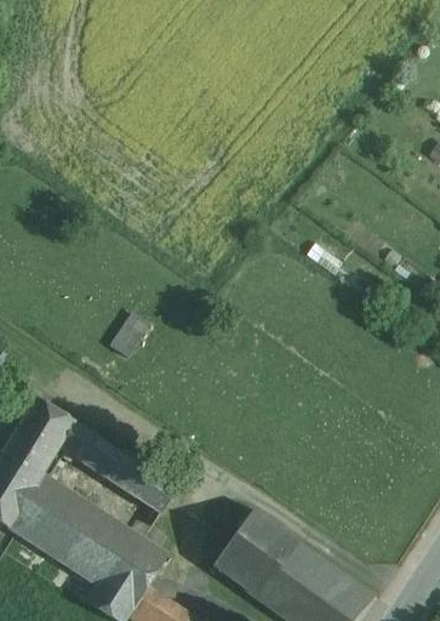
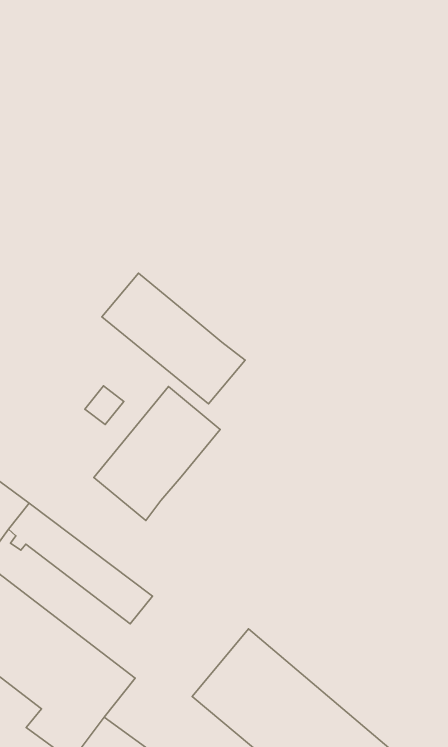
building: none -> [102,273,245,404]
building: none -> [94,387,220,521]

